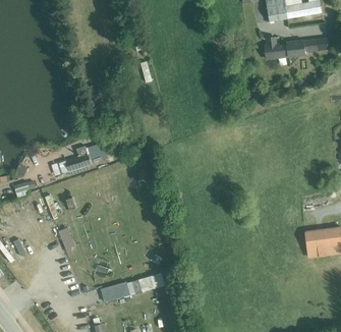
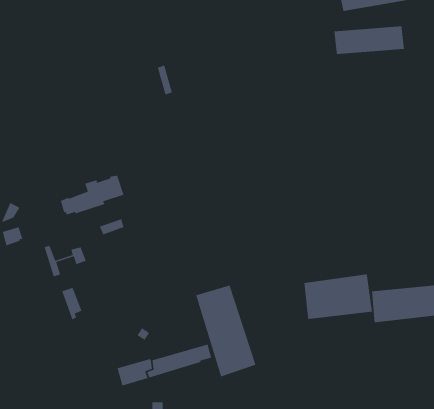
building: none -> [303,274,373,320]
building: none -> [195,284,257,378]

